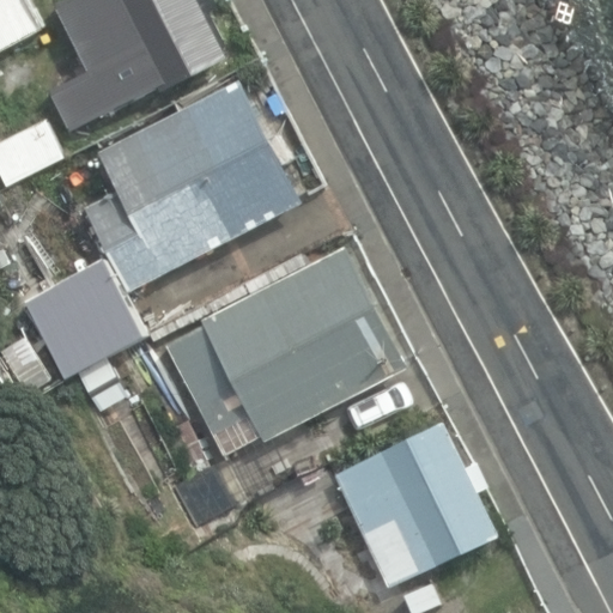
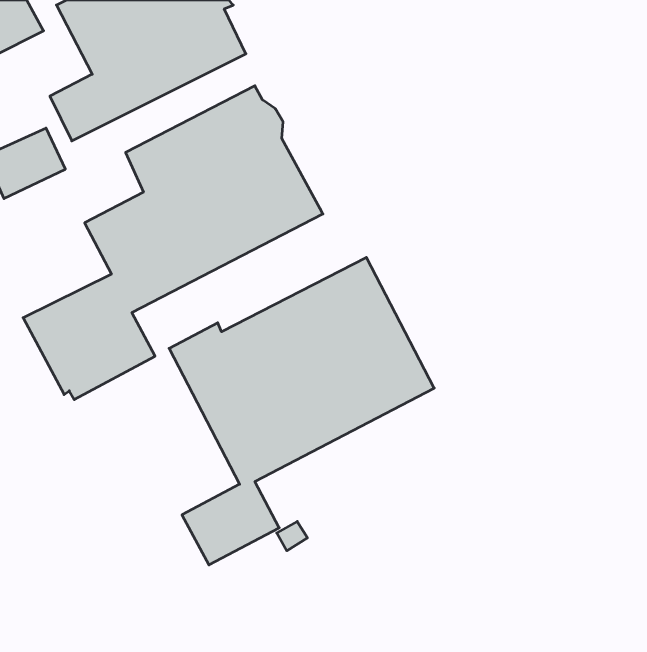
building: [329,421,496,588] -> none

